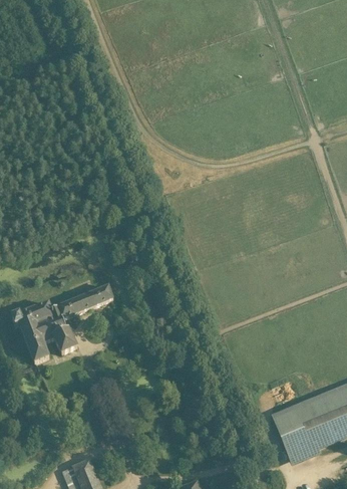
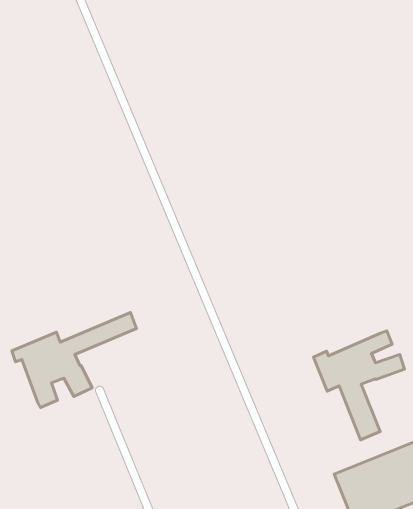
building: none -> [314,331,405,440]

